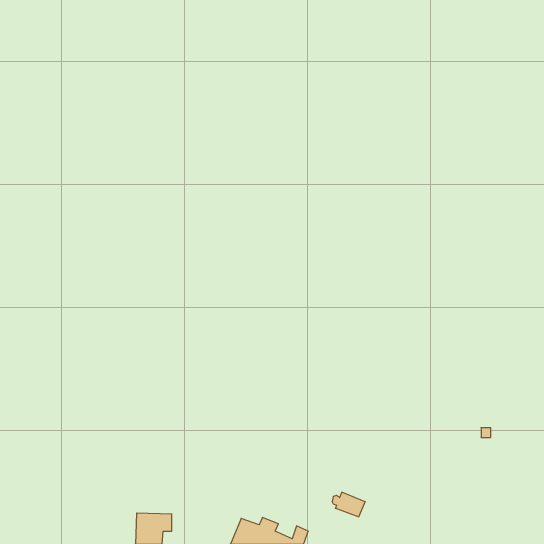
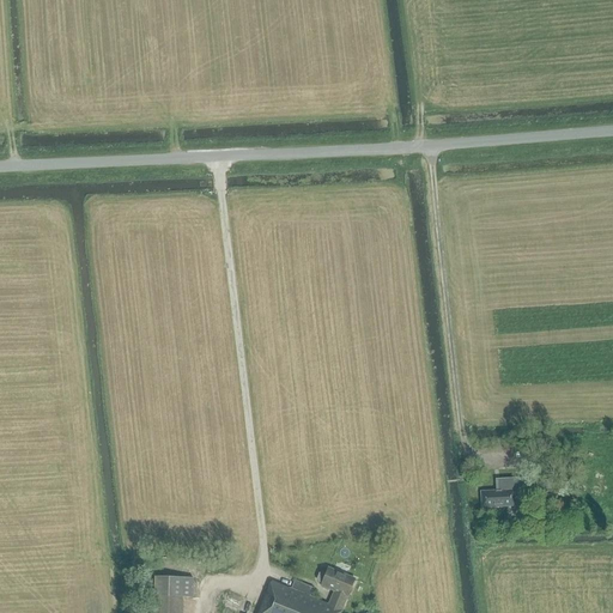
building: none -> [481,477,520,506]
building: [332,492,365,517] -> [318,568,356,595]

